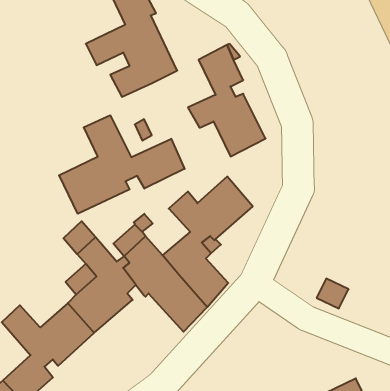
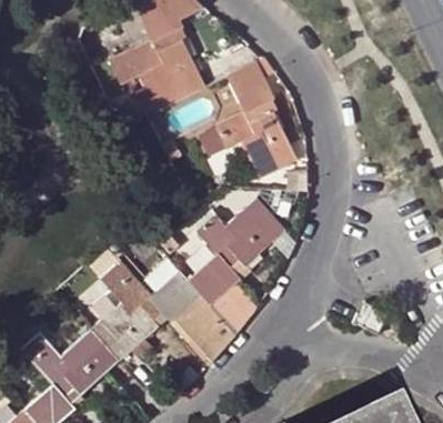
building: [59,115,185,214] -> none

